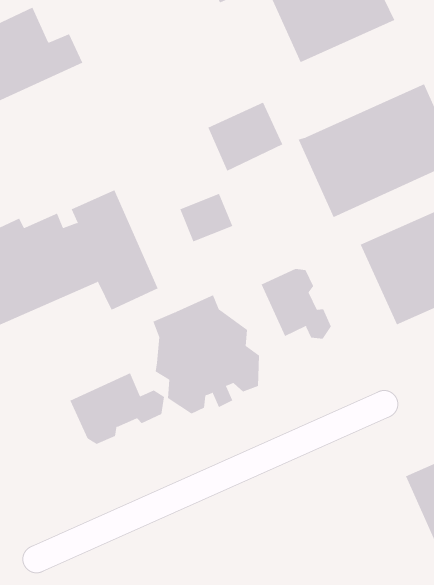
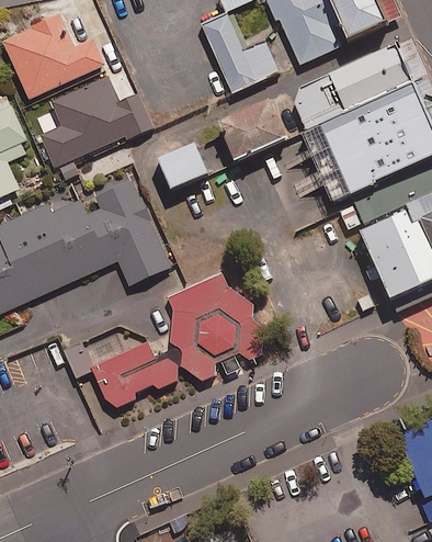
building: none -> [201,12,281,93]
building: none -> [295,44,412,131]
building: none -> [41,68,154,167]
building: [179,193,233,242] -> [161,143,209,187]
building: [261,268,332,339] -> none

